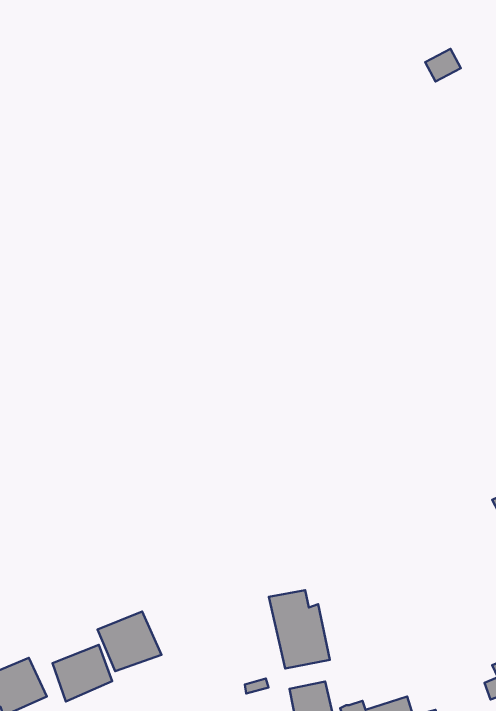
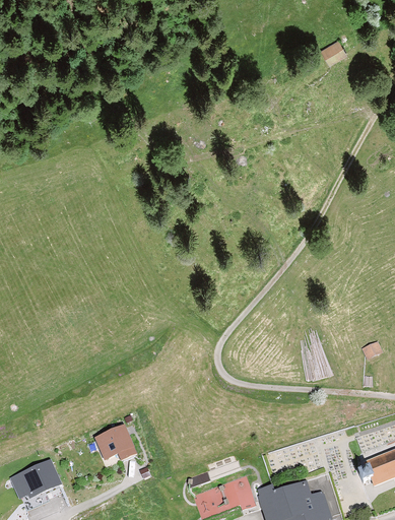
building: [269,590,330,669] -> none
building: [53,645,112,702] -> none

